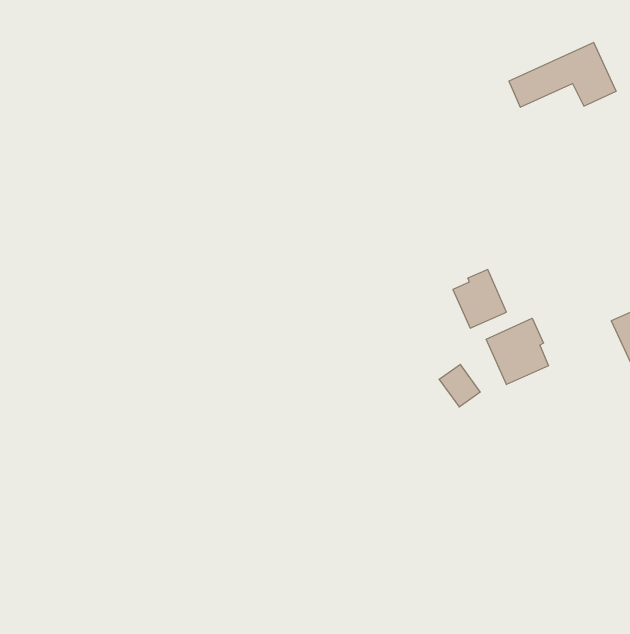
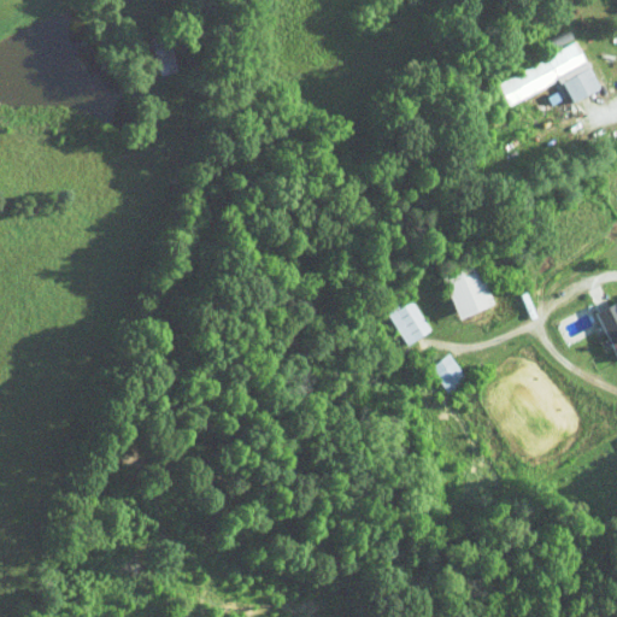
building: none -> [387,295,435,348]
building: [486,318,549,385] -> none

